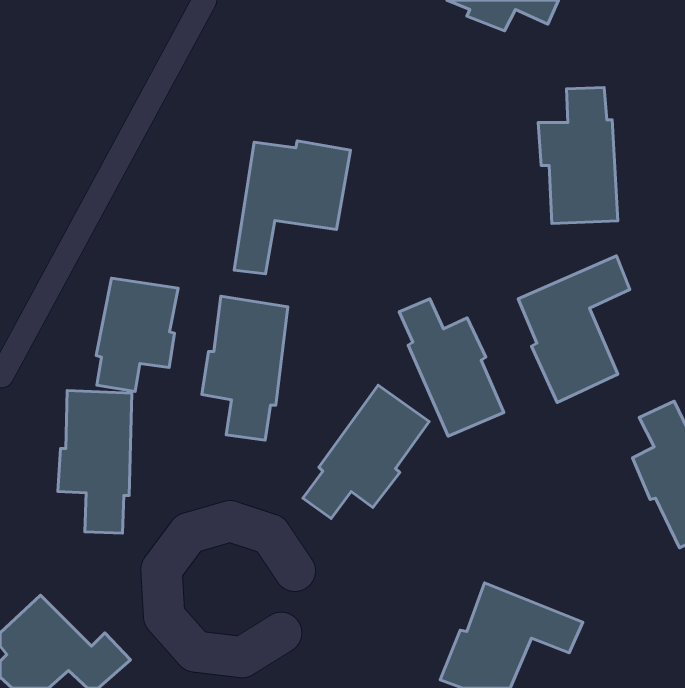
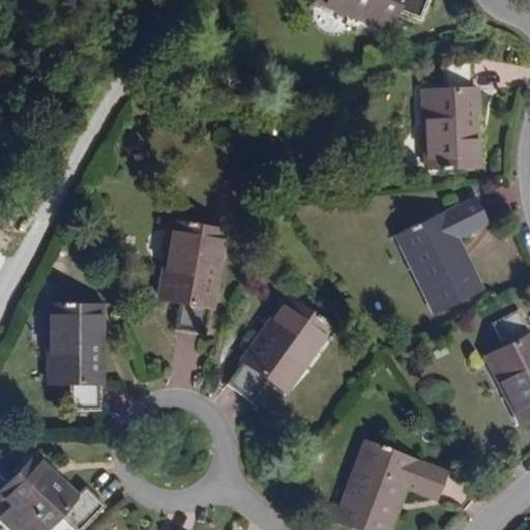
building: [234,141,350,274] -> none
building: [96,278,178,392] -> none
building: [399,299,504,436] -> none

